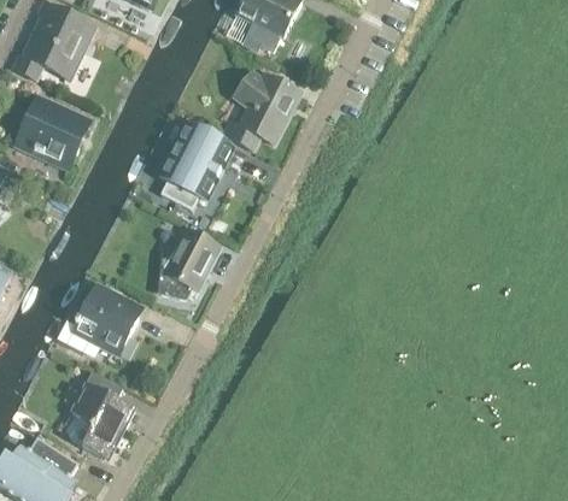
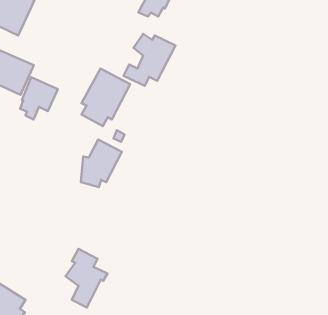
building: none -> [20,77,58,120]
building: [72,283,136,353] -> none
building: [71,372,133,458] -> [65,249,107,307]

